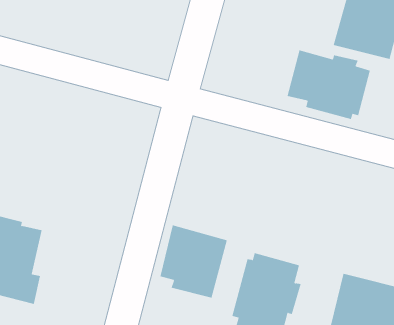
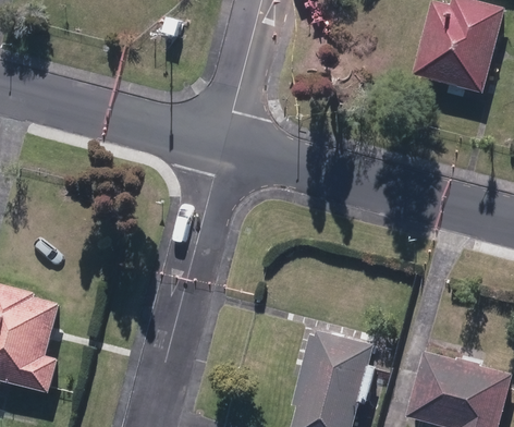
building: [287,49,370,120] -> none
building: [160,224,228,298] -> none

